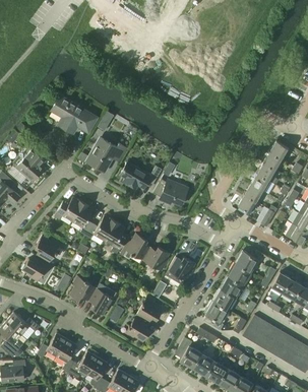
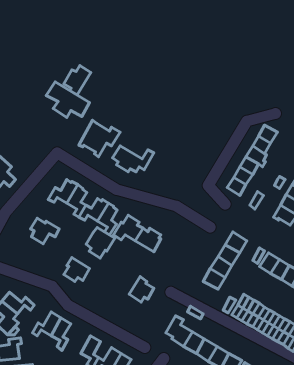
building: none -> [64,65,91,95]
building: [14,145,46,182] -> none
building: [153,180,189,206] -> none
building: [22,256,49,282] -> none
building: [166,257,195,285] -> none
building: [89,283,119,315] -> [86,227,115,258]
building: [204,302,229,330] -> none
building: [126,315,150,342] -> none
building: [68,351,98,379] -> none

